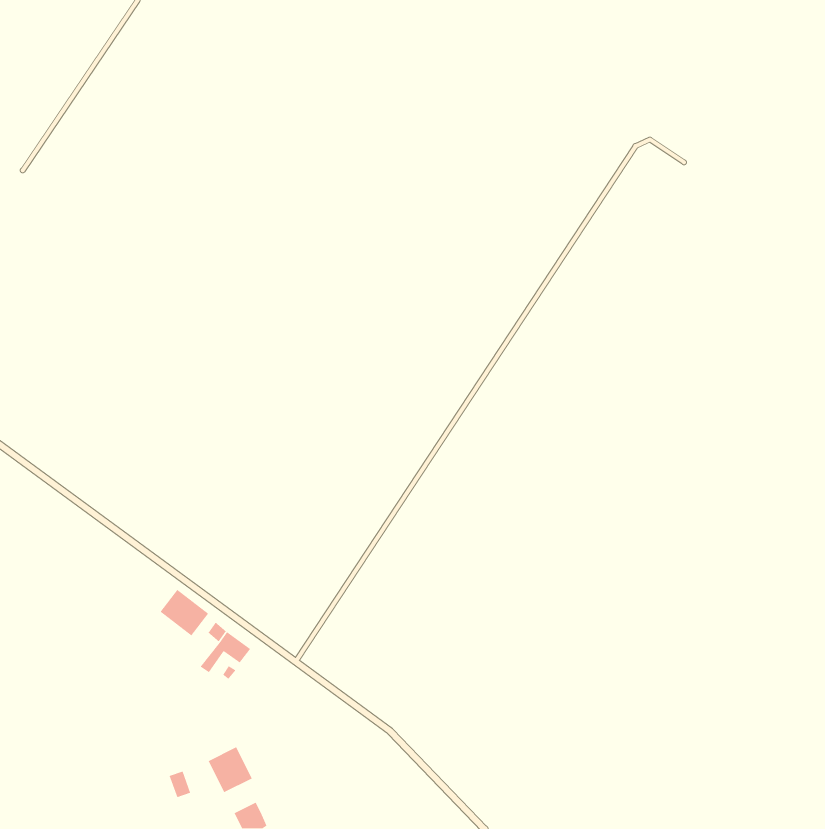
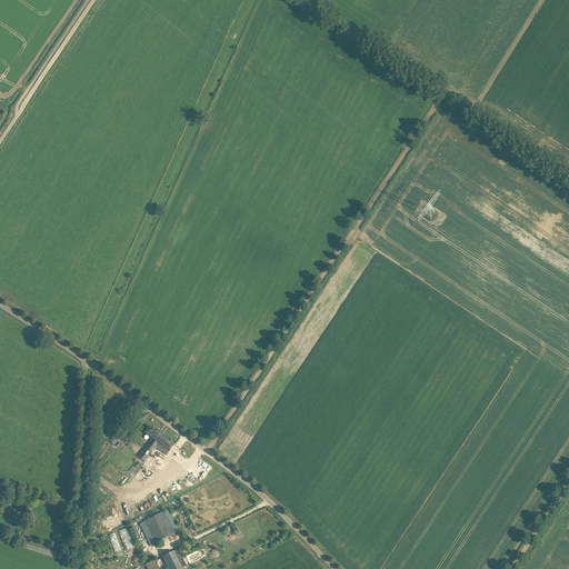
building: [160,589,209,636] -> none

